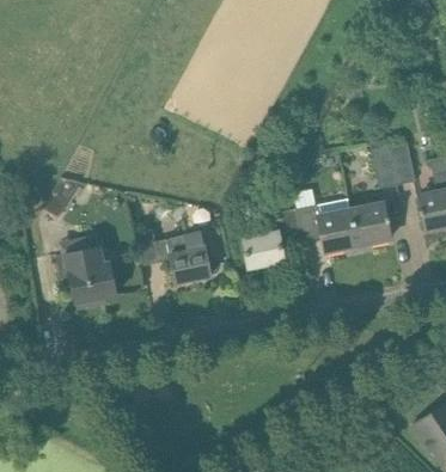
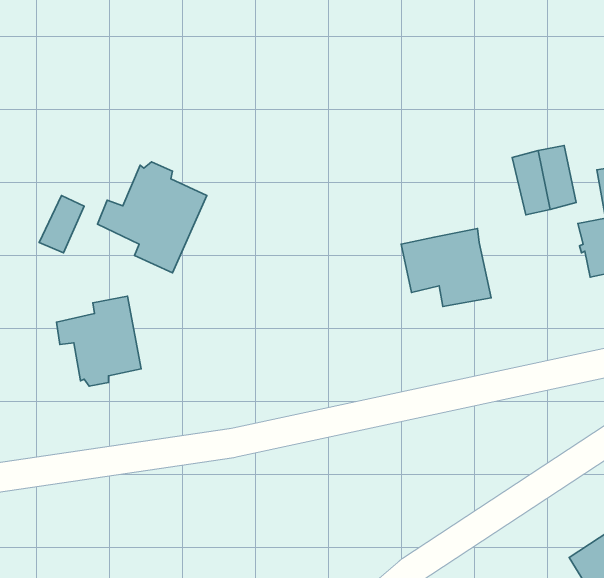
building: none -> [98,162,207,273]
building: [349,202,390,246] -> none
building: [239,209,303,268] -> none
building: [165,233,210,283] -> none

